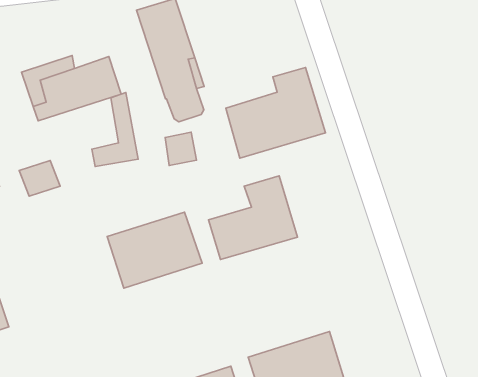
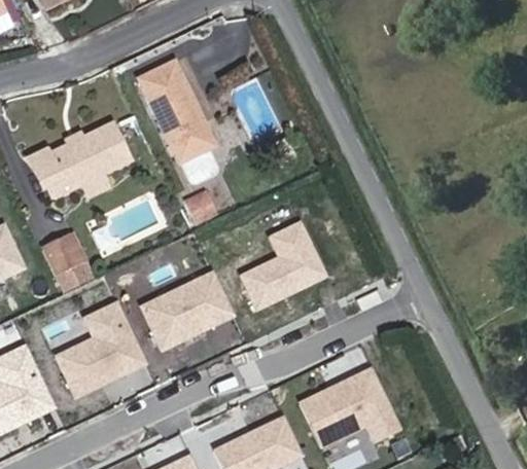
building: [226,68,325,158] -> none
building: [92,93,138,166] -> none
building: none -> [51,299,148,400]

